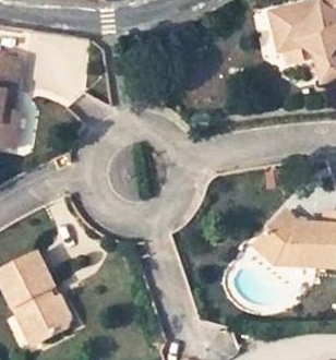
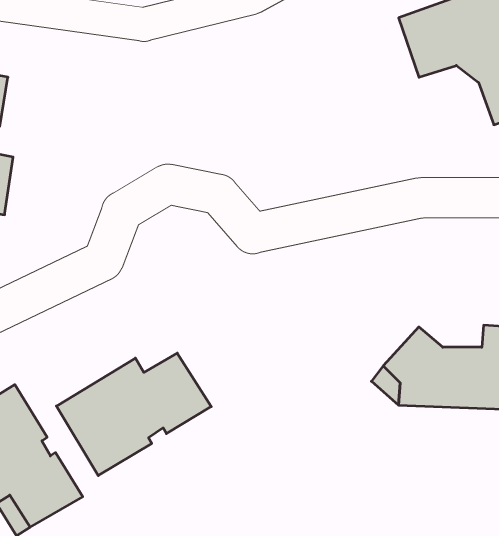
building: none -> [56,353,211,476]

